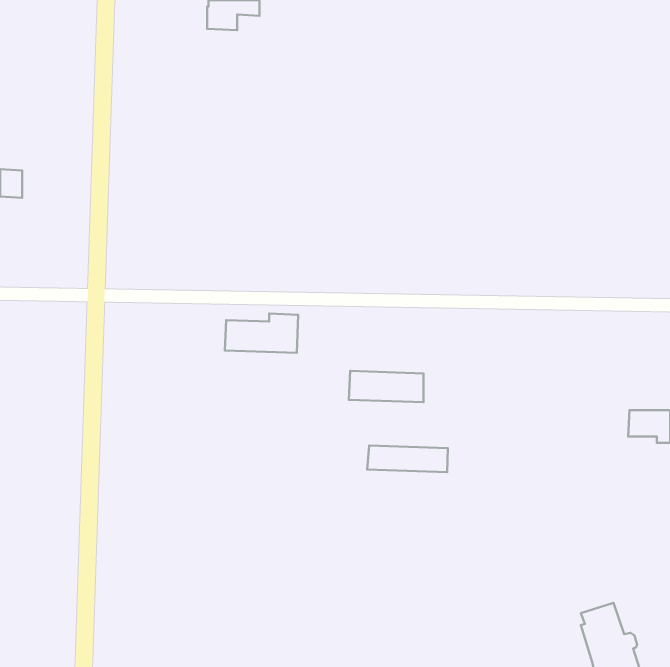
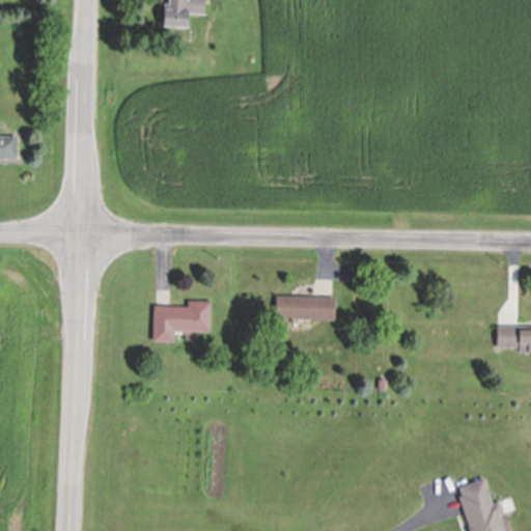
building: [225,314,298,353] -> [153,301,212,332]
building: [367,445,448,472] -> none

